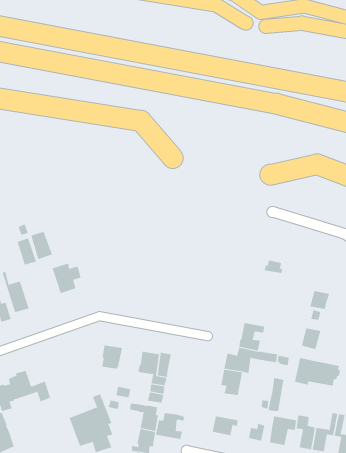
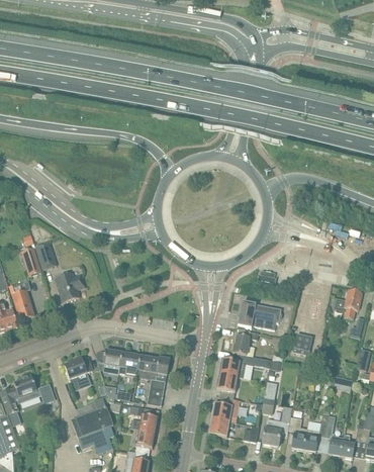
building: none -> [119,353,142,375]
building: none -> [65,357,92,389]
building: [294,357,341,386] -> [238,301,282,328]
building: [155,413,185,440] -> [211,396,240,422]

